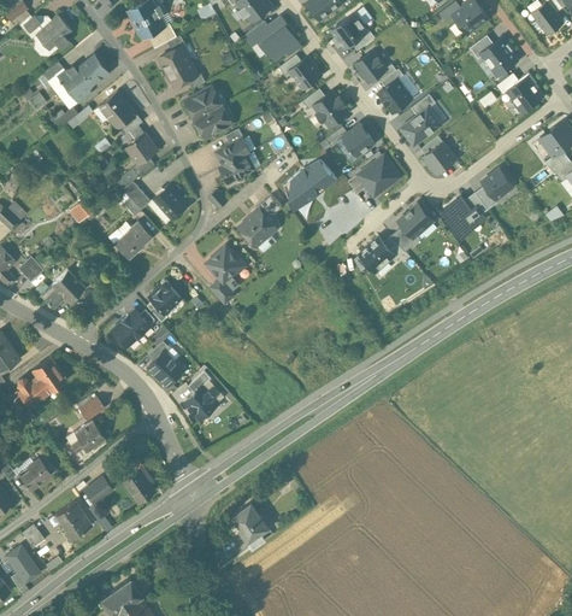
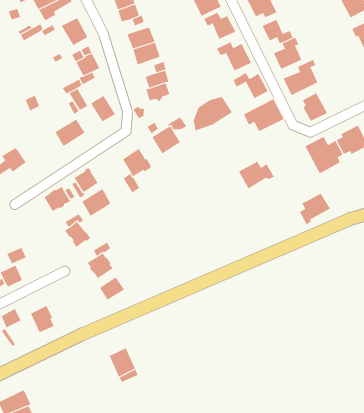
building: [393,207,432,252] -> [299,193,331,225]
building: none -> [82,188,111,217]
building: none -> [99,276,125,300]

